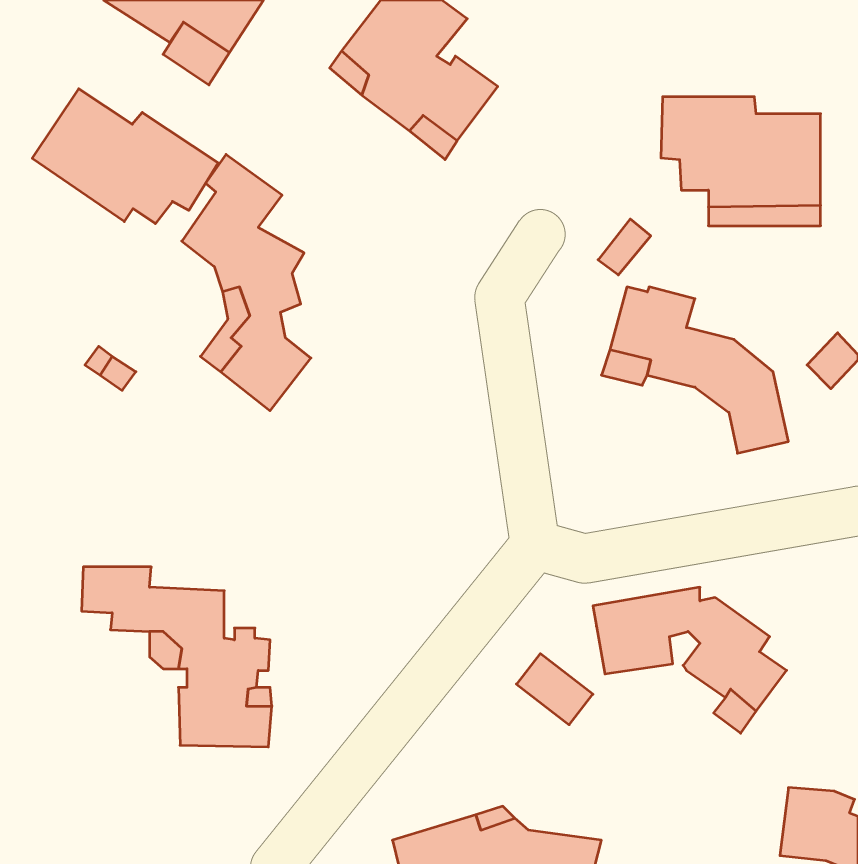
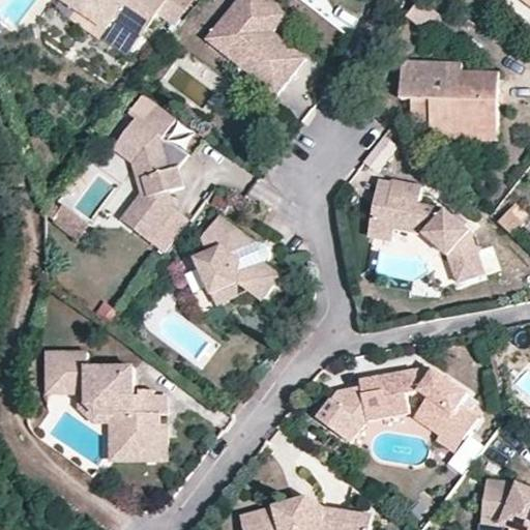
building: [32,89,218,224] -> none
building: none -> [196,217,276,300]
building: none -> [329,384,369,425]

